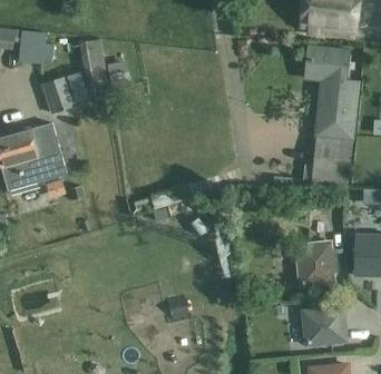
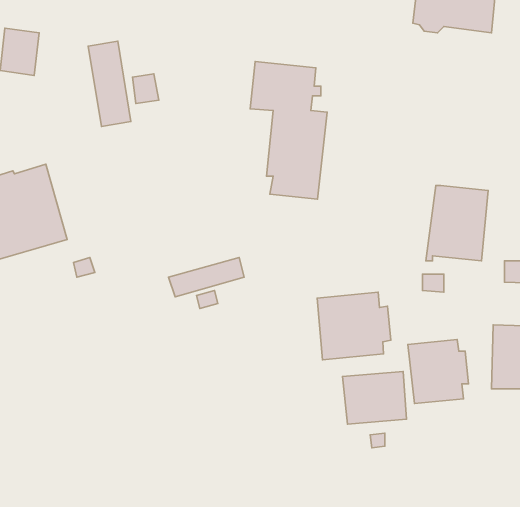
building: [305,48,358,141] -> [250,61,327,199]
building: [40,76,76,115] -> none
building: none -> [317,292,391,360]
building: [303,308,346,344] -> [343,372,406,424]

